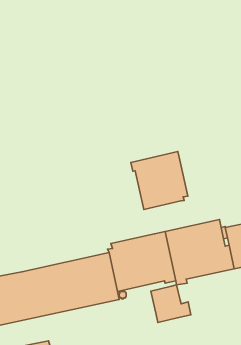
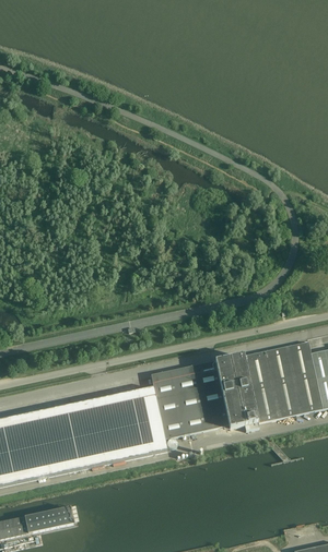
building: [131,151,188,209] -> none
building: [151,285,191,322] -> none

